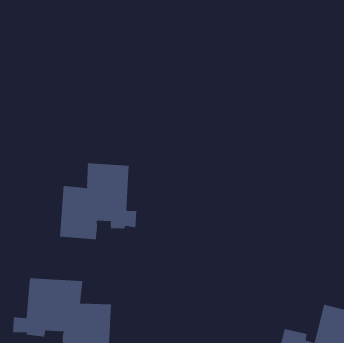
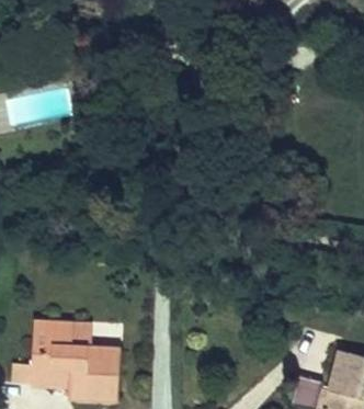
building: [60,163,137,240] -> none

